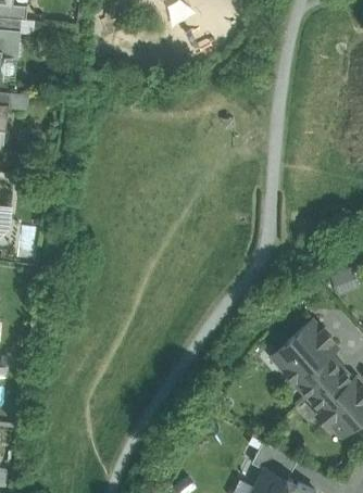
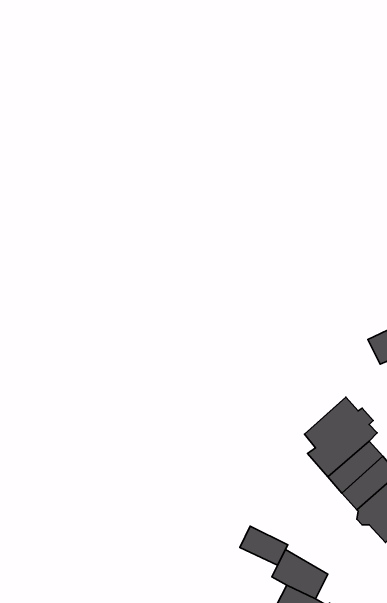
building: none -> [240,526,288,565]

